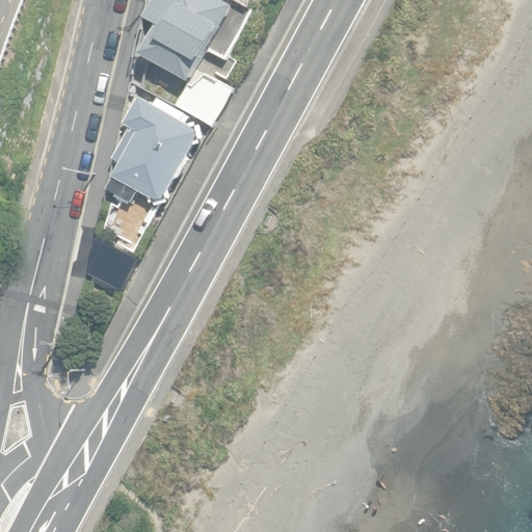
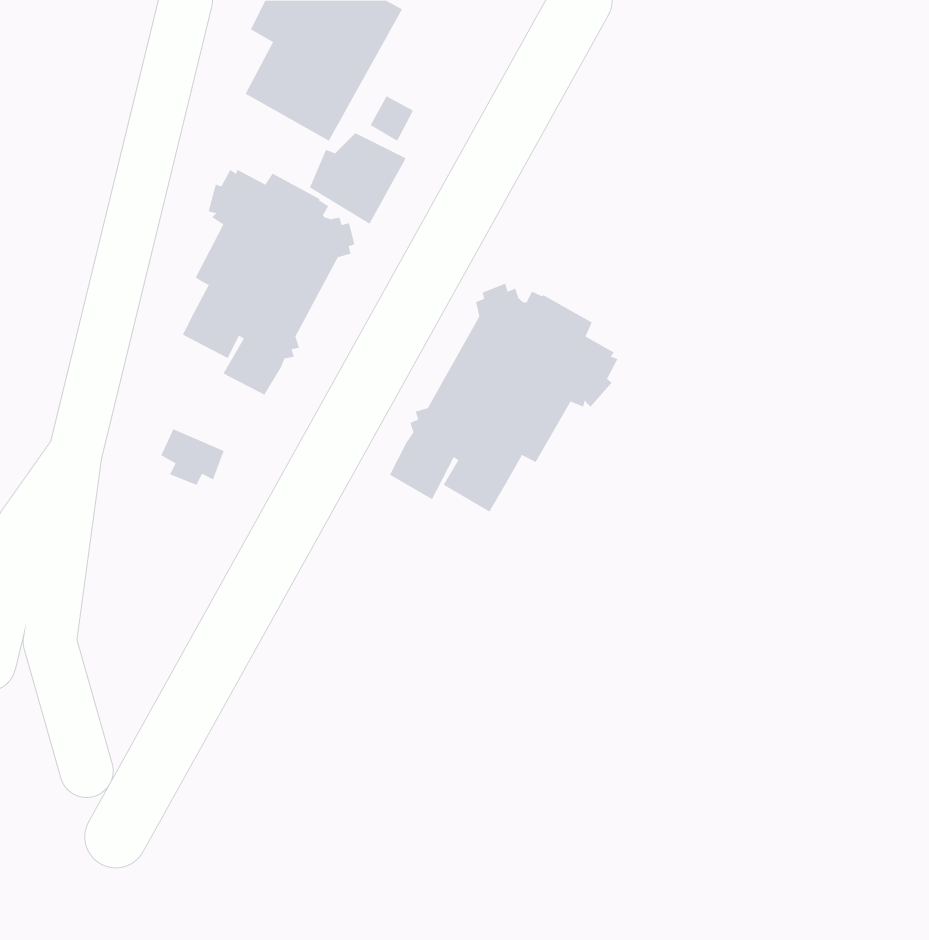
building: none -> [389,283,618,512]

